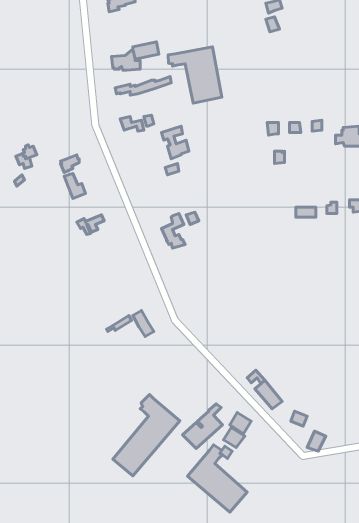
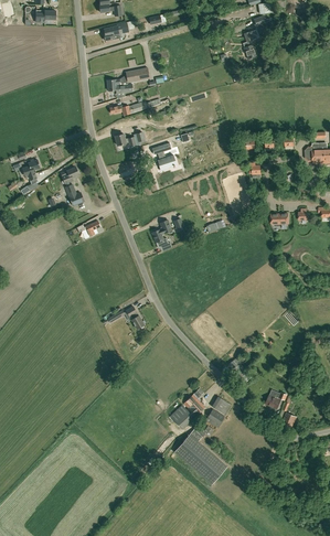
building: [168,47,222,103] -> none
building: [113,395,180,476] -> none

